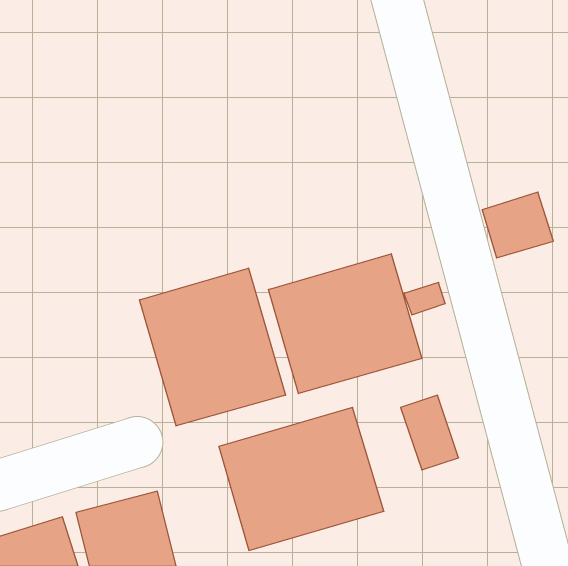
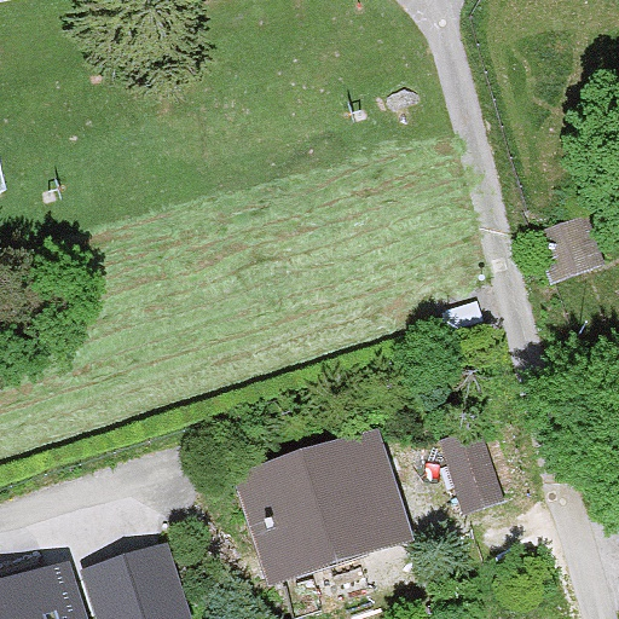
building: [268,254,422,394] -> none
building: [140,268,286,426] -> none

